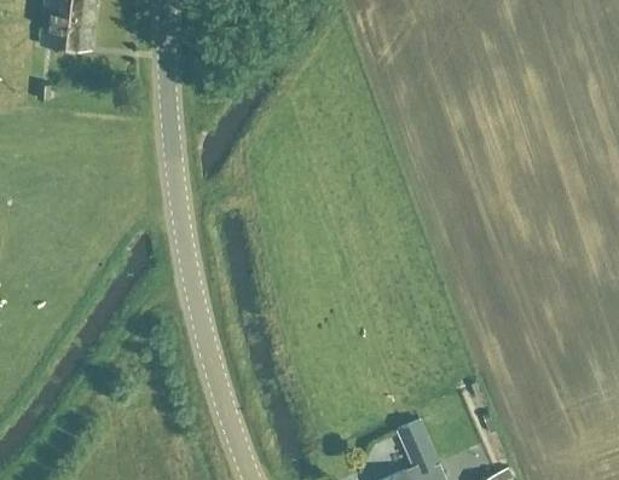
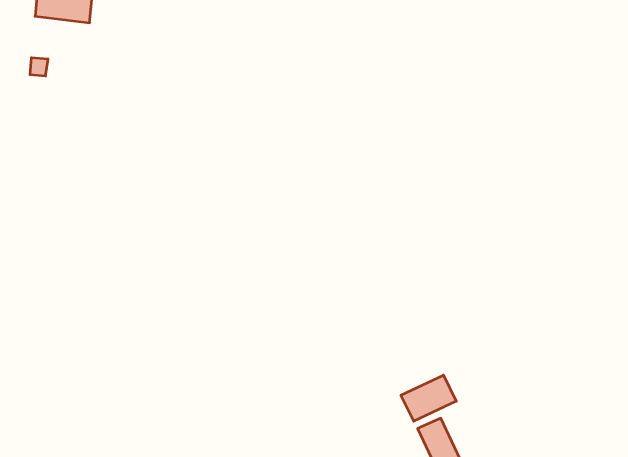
building: none -> [401,375,456,421]

